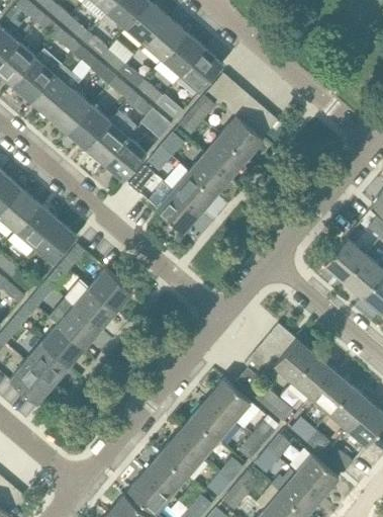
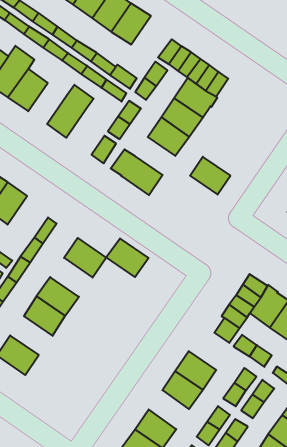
building: [181,49,223,92] -> none
building: [68,106,109,149] -> none
building: [104,138,147,181] -> none
building: [173,173,214,213] -> [190,157,230,195]
building: [34,221,77,264] -> none
building: [73,288,116,330] -> [106,238,149,277]
building: [25,344,69,385] -> none
building: [207,378,250,420] -> none
building: [160,435,201,477] -> none

